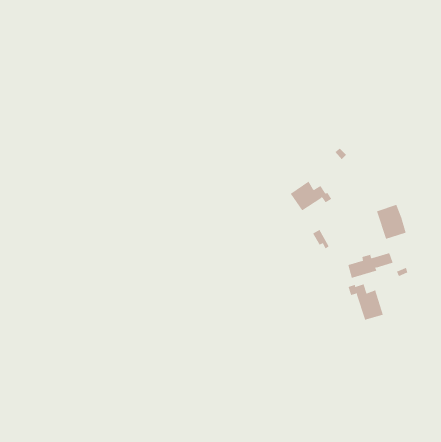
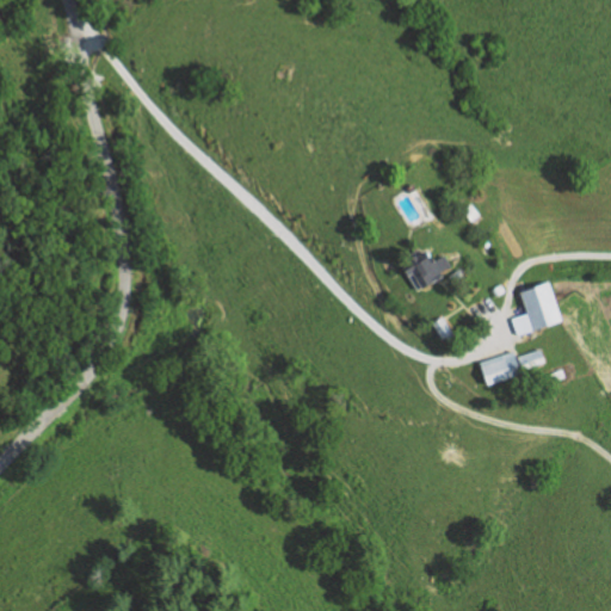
building: [348,284,383,321] -> none

